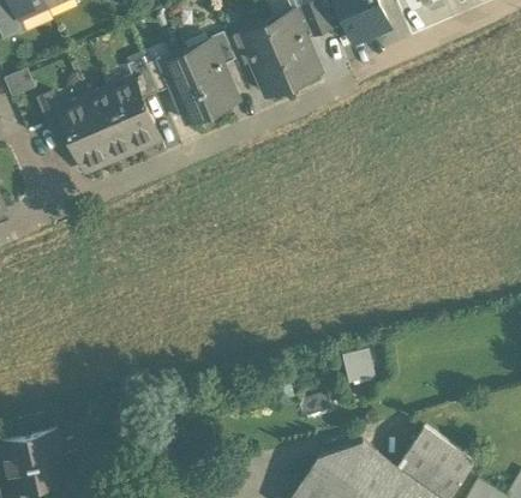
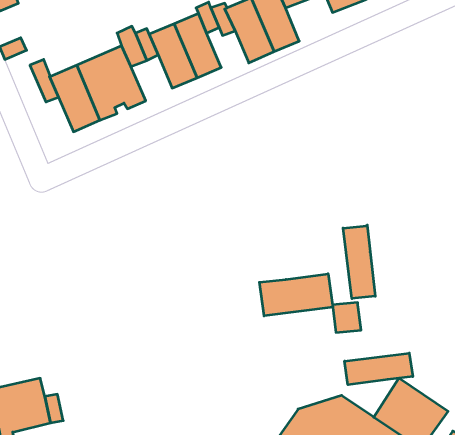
building: none -> [343,225,375,299]
building: none -> [259,274,333,316]
building: none -> [345,353,413,385]

